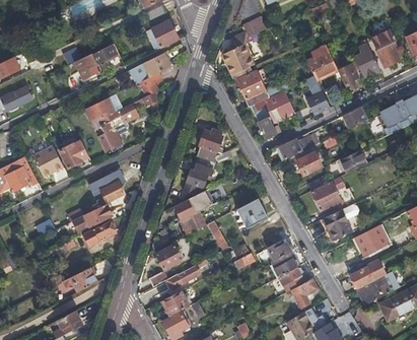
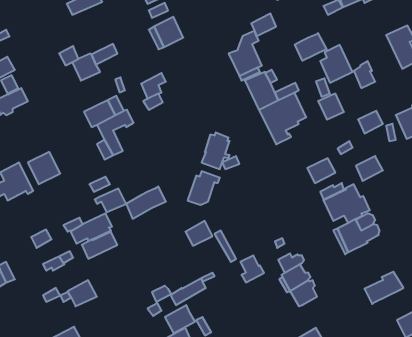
building: none -> [295,33,327,61]
building: [354,43,379,78] -> none
building: [129,53,170,84] -> none
building: [279,133,315,159] -> none
building: [59,139,89,168] -> none
building: [175,191,212,221] -> [126,186,166,219]
building: [236,198,268,228] -> none
building: [354,225,389,254] -> none
building: [156,245,183,270] -> none
building: [359,276,390,304] -> none
building: [290,278,318,308] -> none

